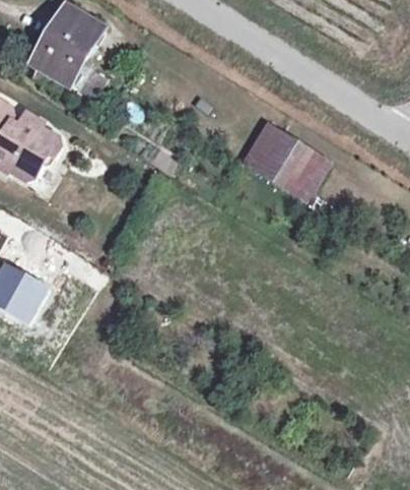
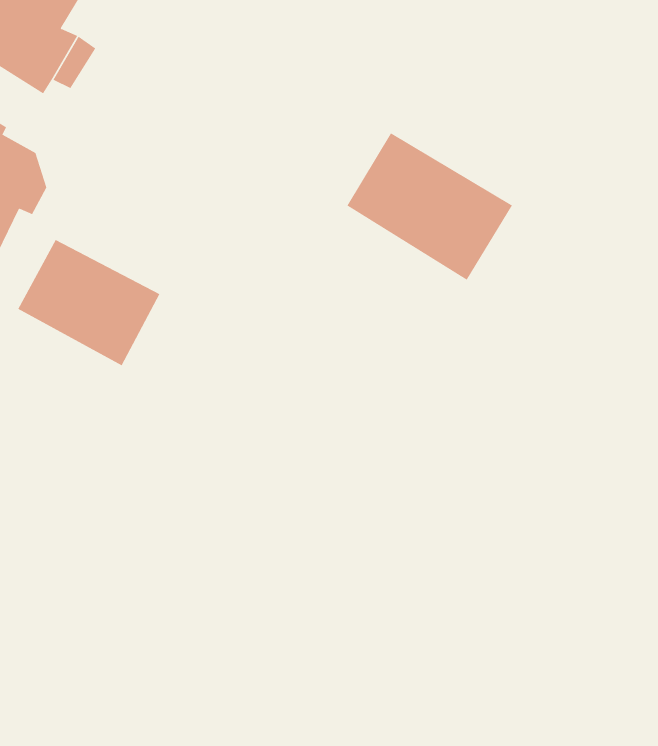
building: none -> [18,239,160,366]

